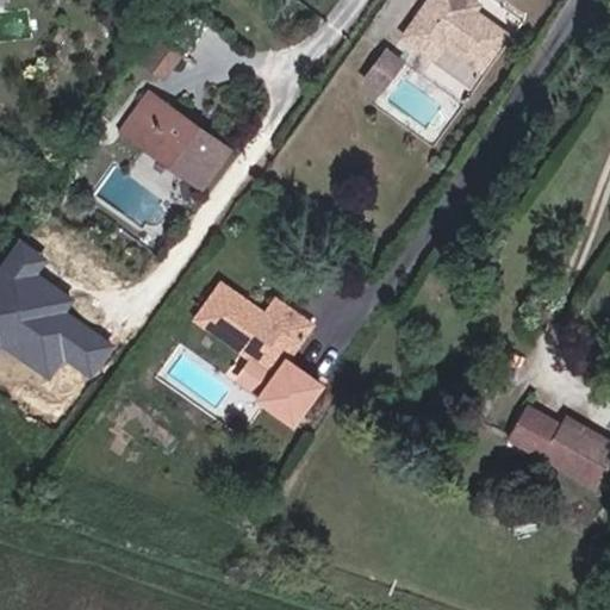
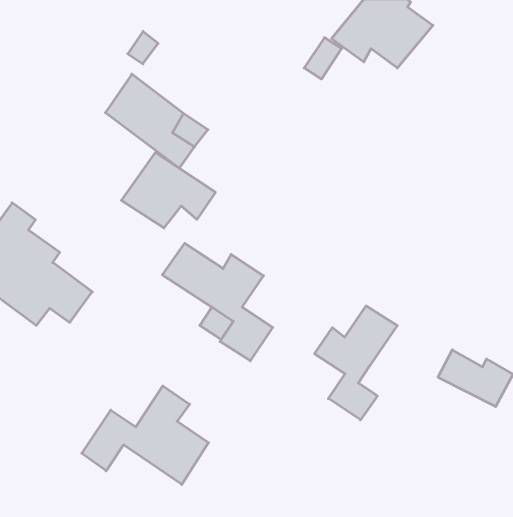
building: none -> [121,152,215,228]
building: none -> [315,306,397,420]
building: none -> [82,386,209,485]

